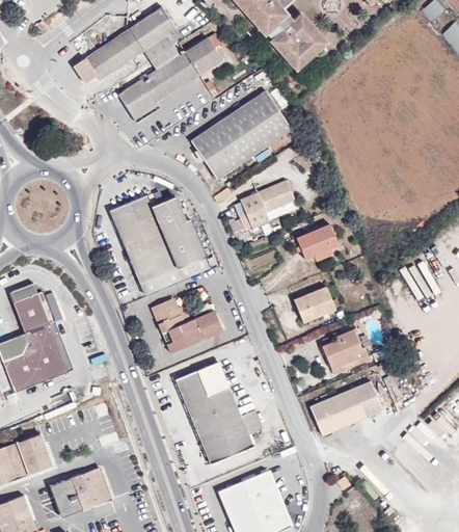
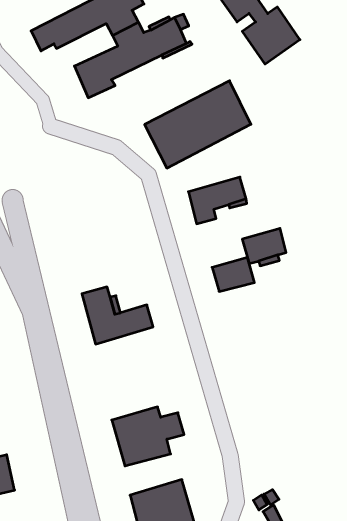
building: [109,195,209,294] -> none
building: [293,287,334,322] -> [212,257,254,291]
building: [321,329,369,375] -> none
building: [174,362,235,423] -> none
building: [308,381,382,435] -> none

